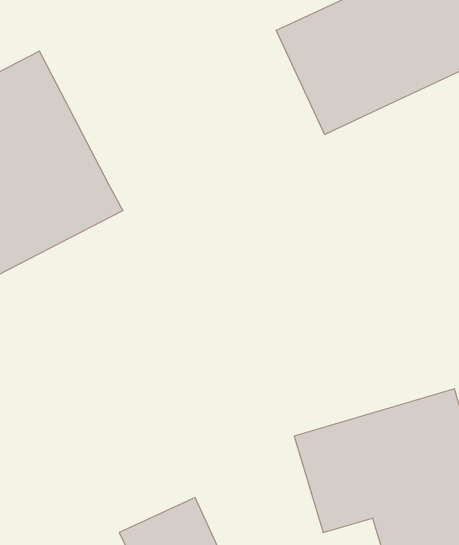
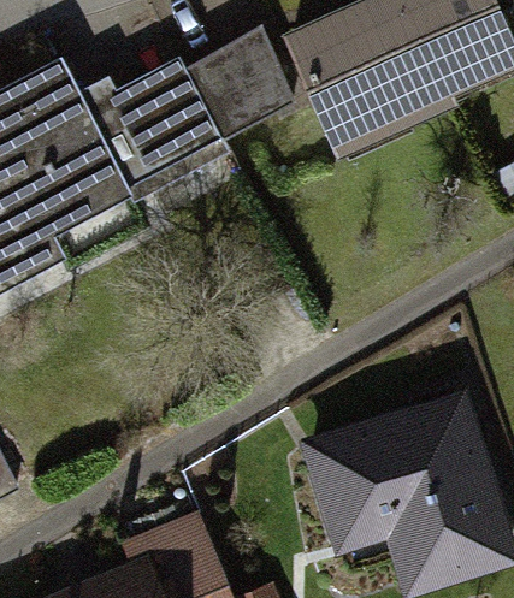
building: none -> [70,31,272,197]

